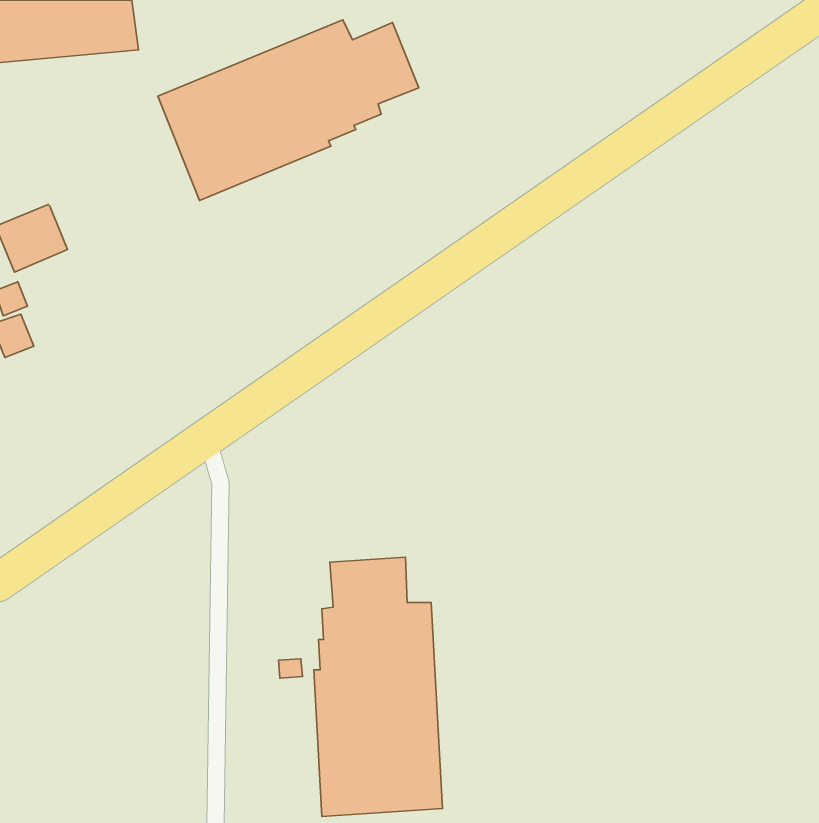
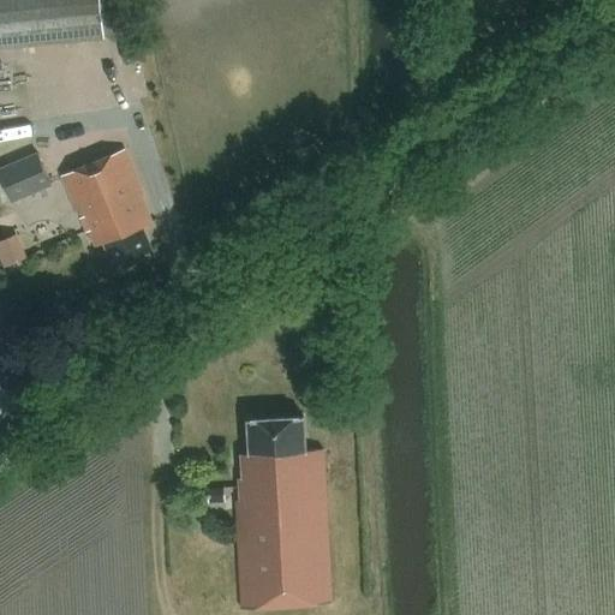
building: [158,20,419,201] -> none
building: none -> [62,150,153,268]

